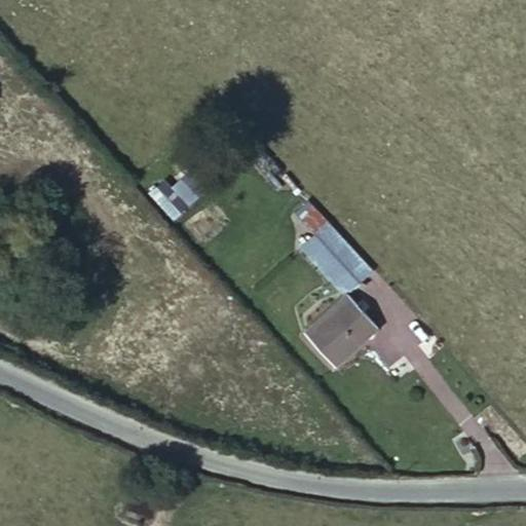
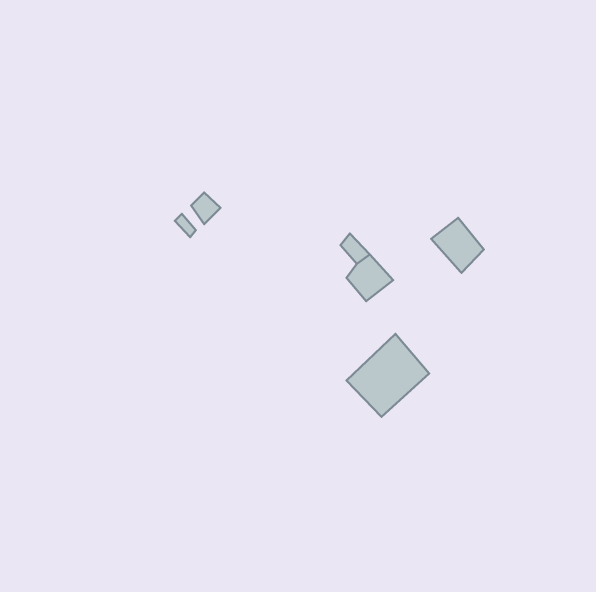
building: [323,247,369,295] -> [431,218,484,273]

